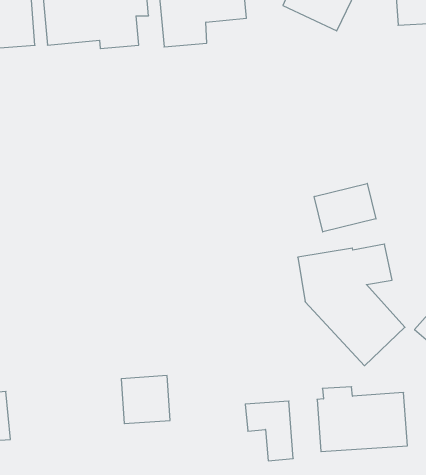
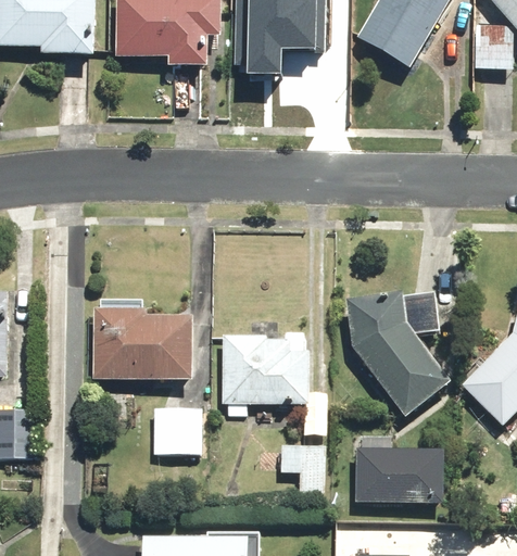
building: [314,183,376,232] -> none
building: none -> [92,299,196,379]
building: none -> [220,334,310,403]

